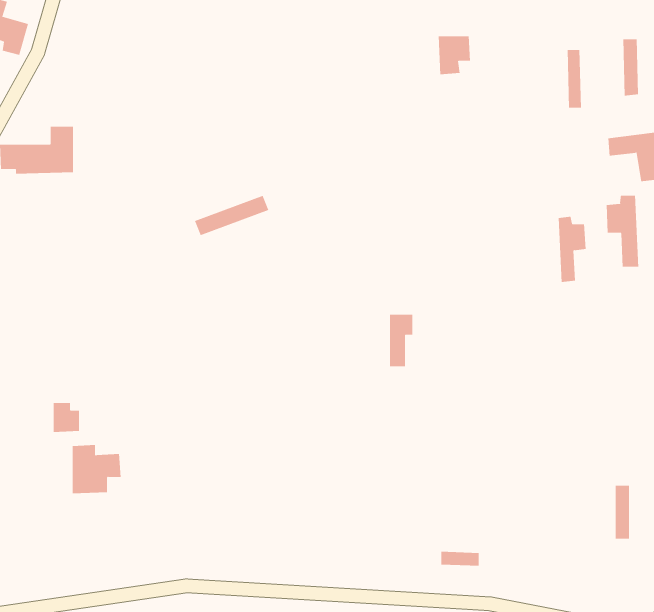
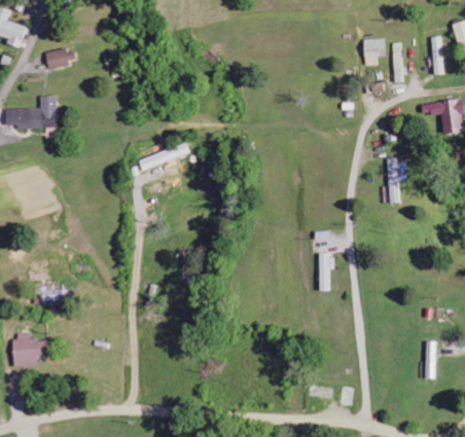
building: [438,36,471,75] -> [364,39,387,66]
building: none -> [45,48,77,68]
building: [606,195,639,267] -> none
building: [389,314,413,367] -> [319,255,335,291]
building: [72,444,121,494] -> [13,333,47,367]

